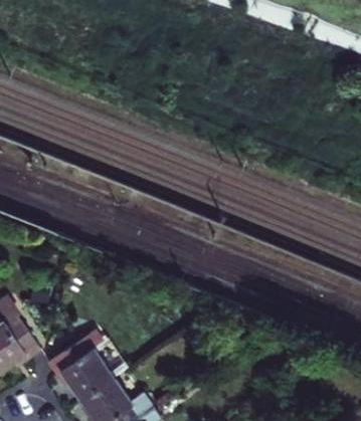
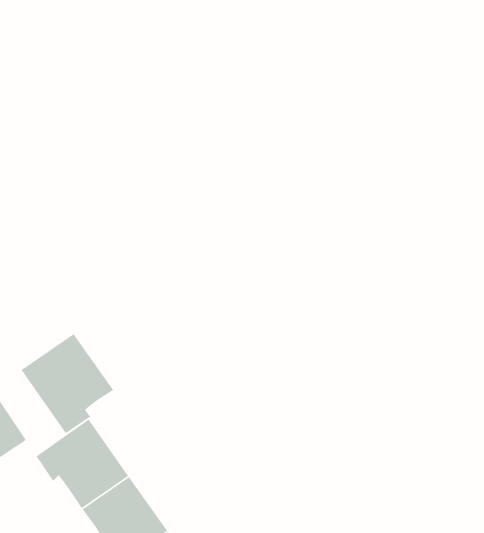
building: none -> [20,333,114,434]

